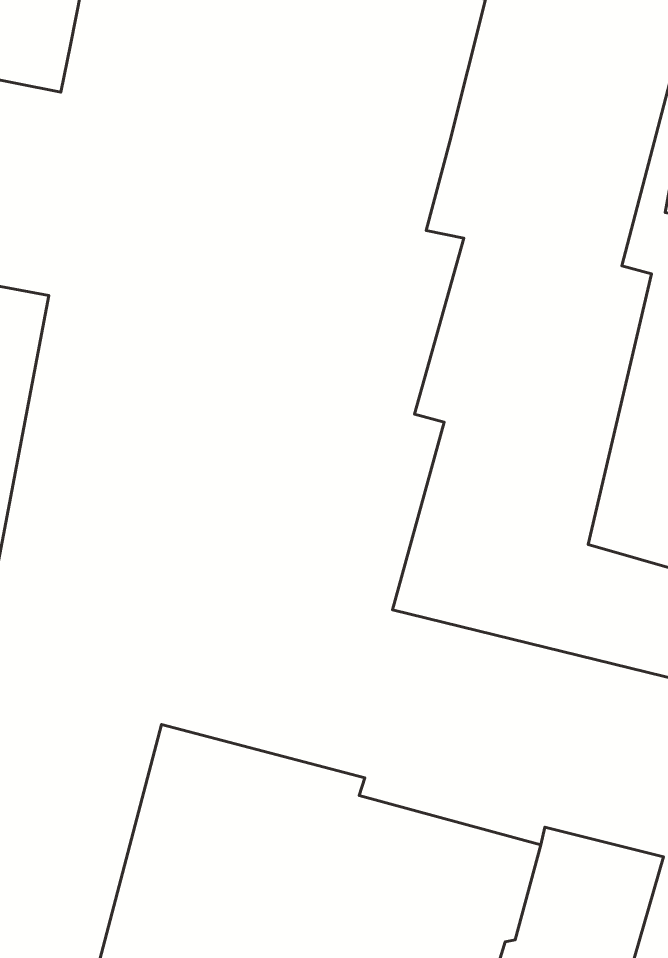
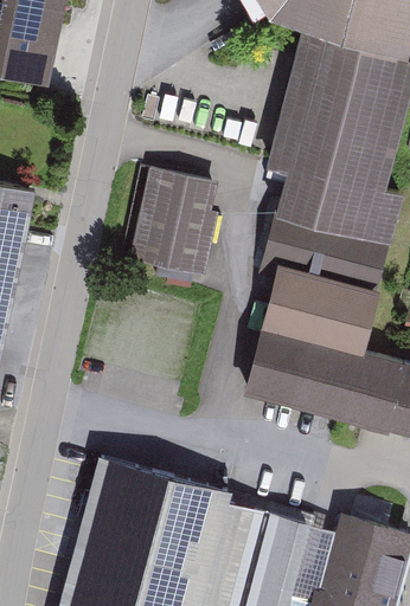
building: none -> [127,166,223,275]

